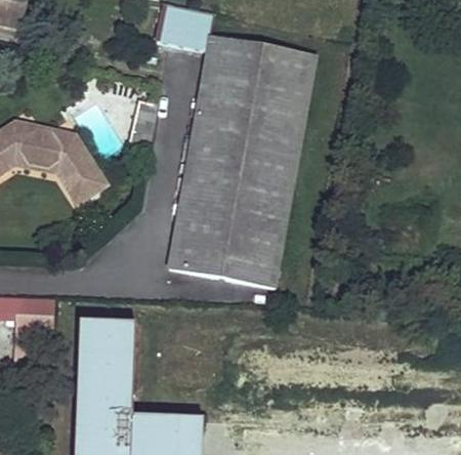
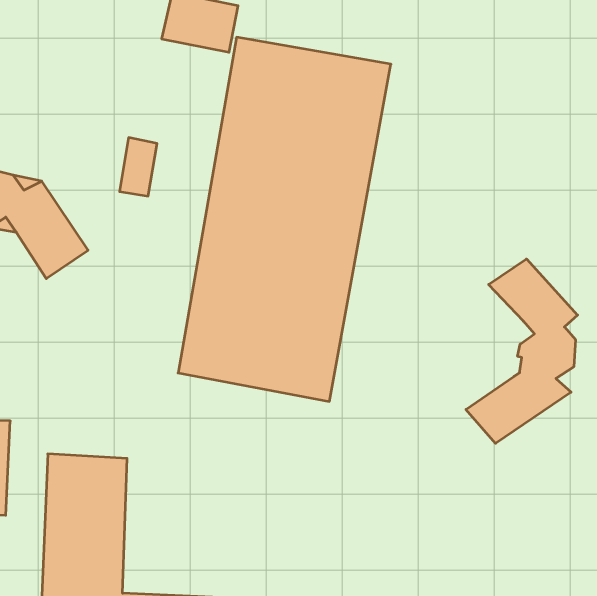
building: none -> [466,259,578,443]

